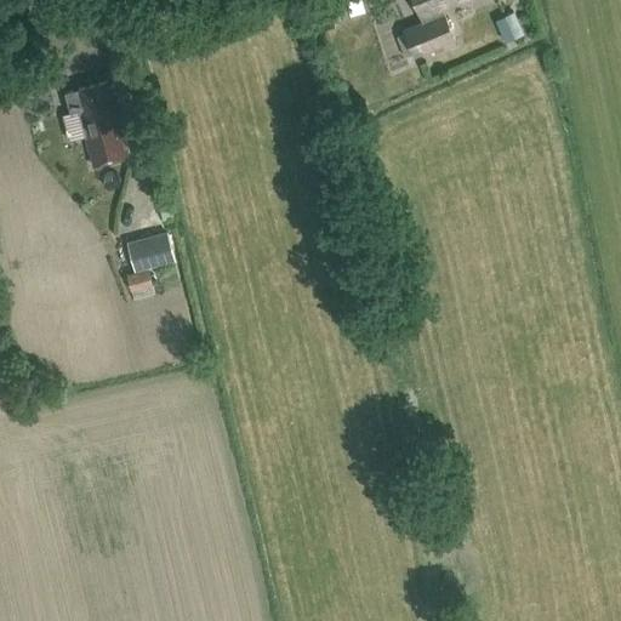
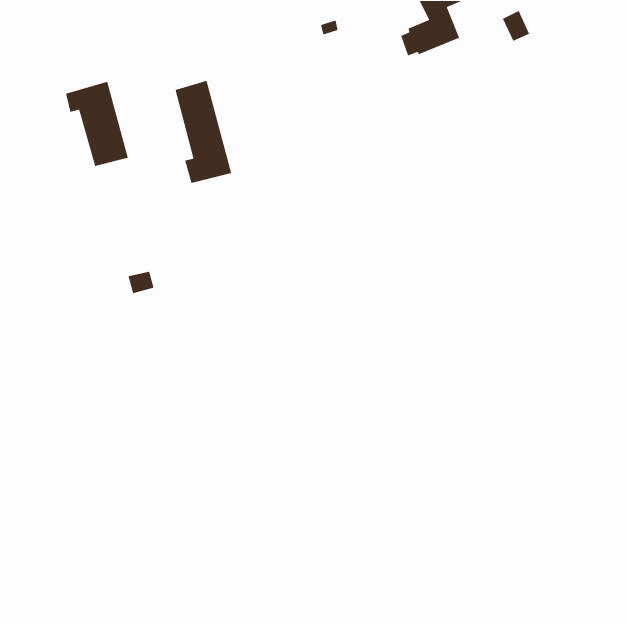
building: none -> [175,80,232,184]
building: [125,232,175,272] -> none

